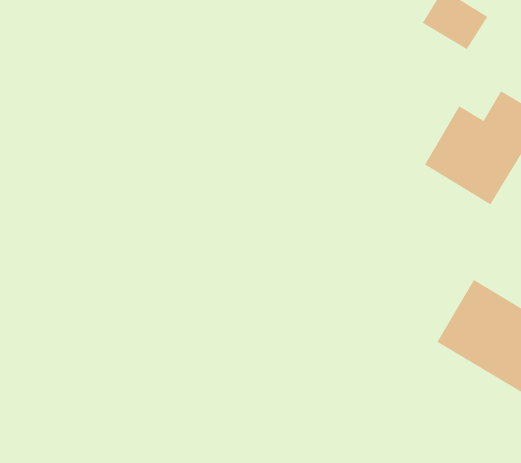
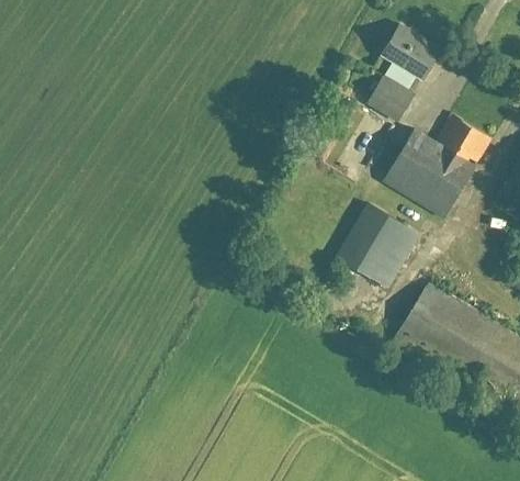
building: none -> [369,76,415,120]
building: none -> [337,200,422,288]

